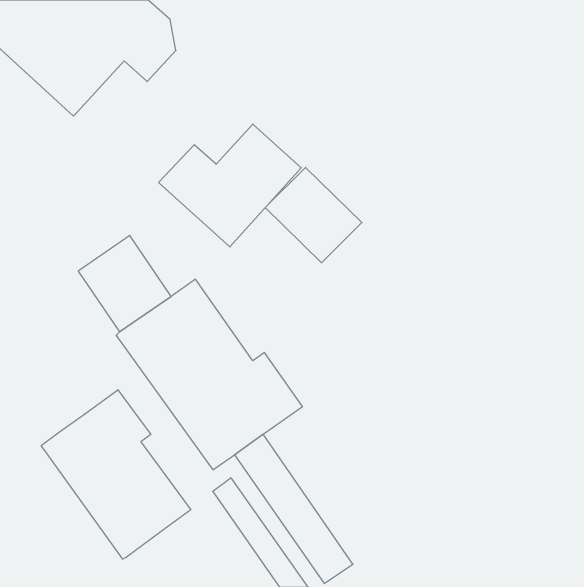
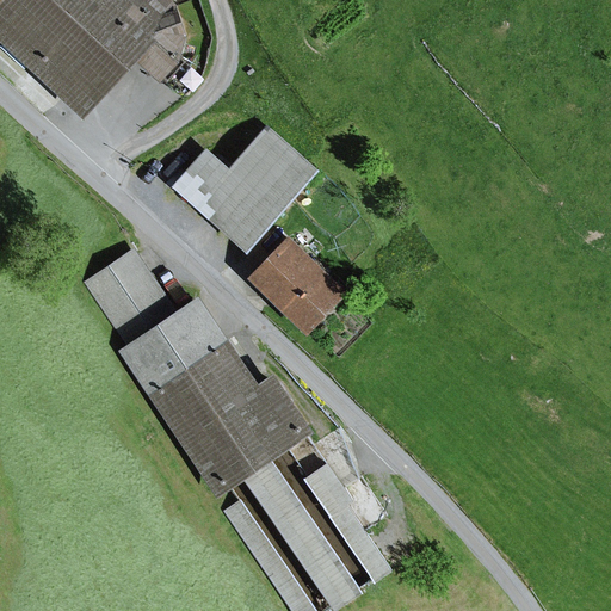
building: [265,167,362,263] -> [242,240,342,339]
building: [41,390,191,559] -> none
building: none -> [304,458,394,578]

